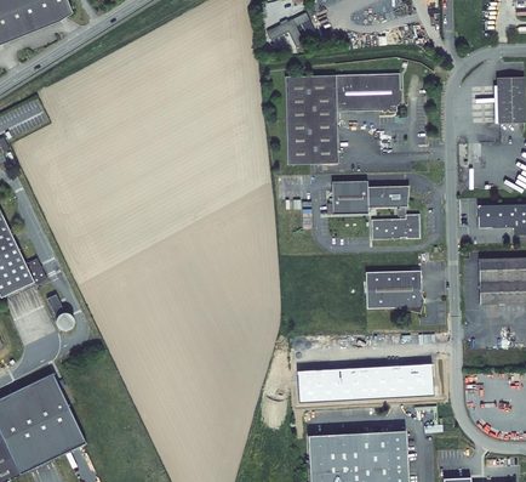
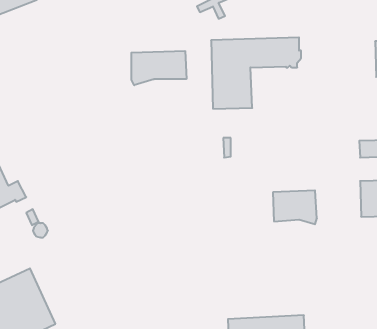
building: none -> [131,51,186,85]
building: [331,182,421,240] -> none
building: [297,363,434,402] -> none

